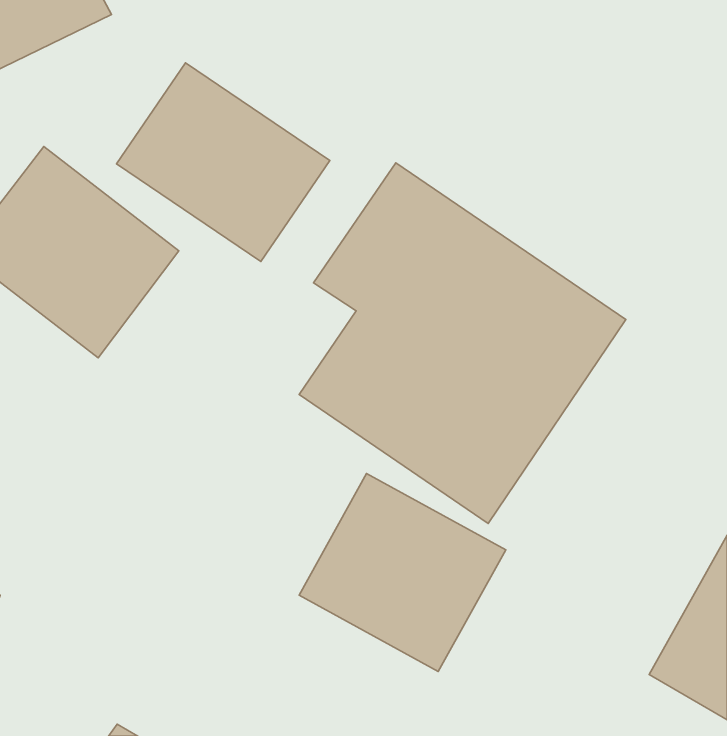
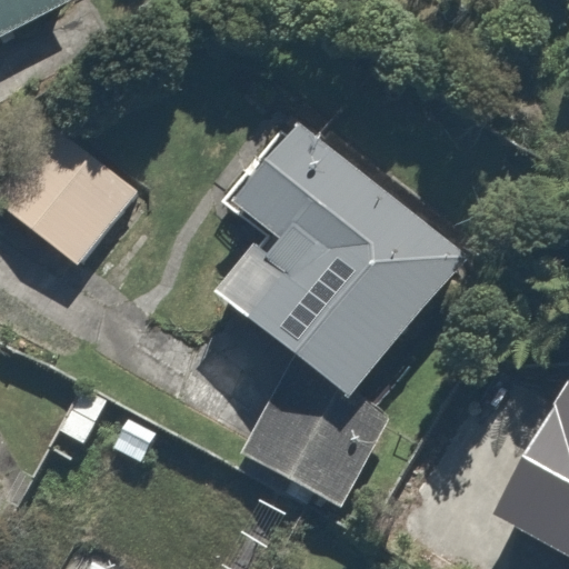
building: [117,63,330,261] -> none

